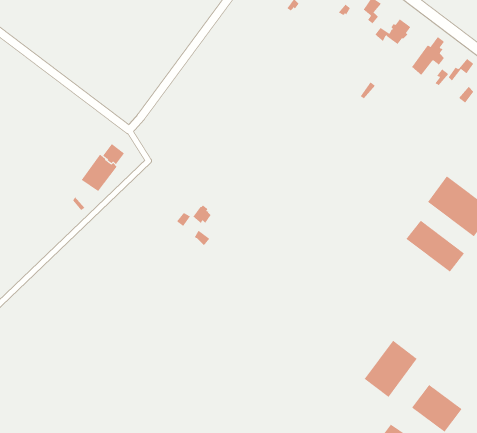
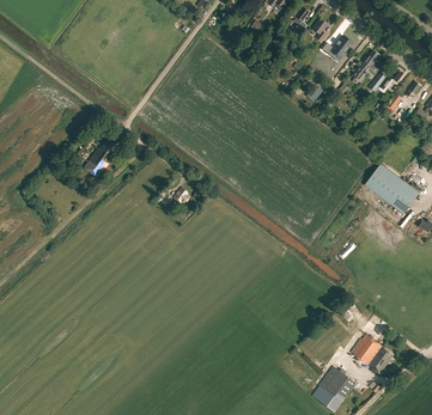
building: [406,220,465,272] -> none
building: [364,340,418,398] -> none

